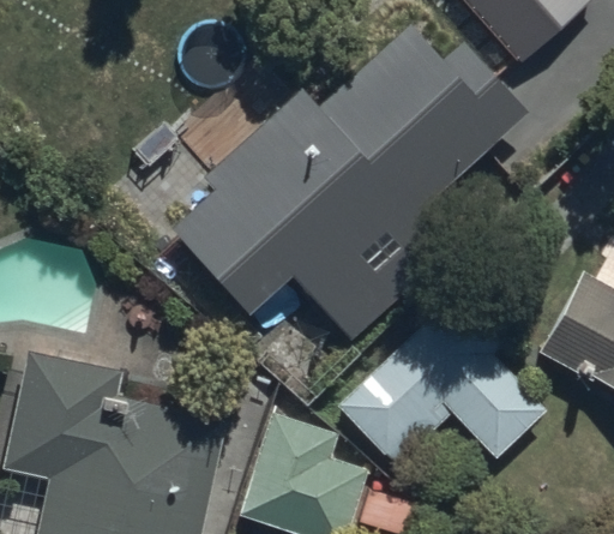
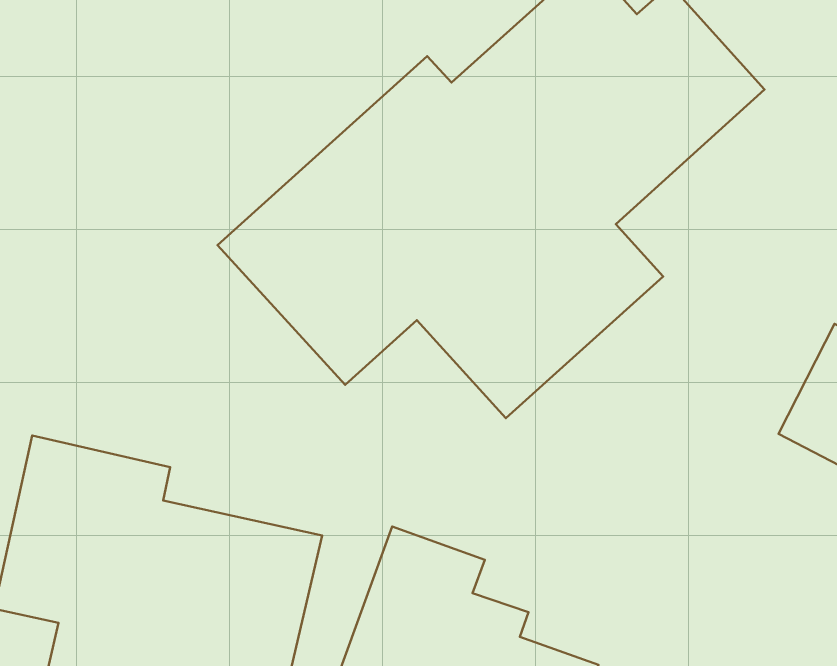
building: [337,288,546,468] -> none

